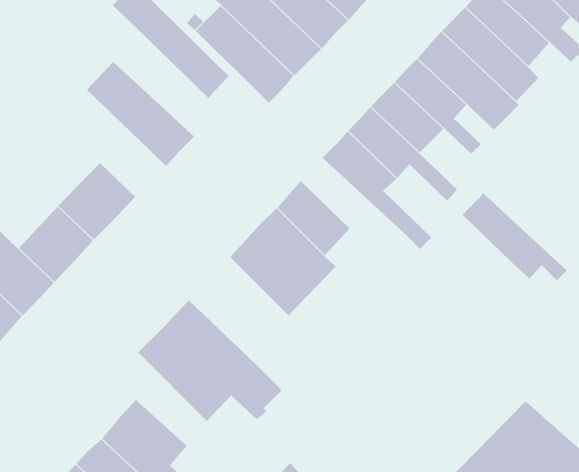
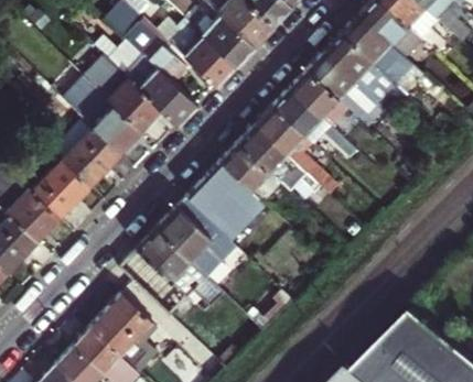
building: none -> [94,34,198,125]
building: none -> [63,75,142,153]
building: [462,192,567,281] -> [240,124,318,189]
building: none -> [159,197,239,276]

